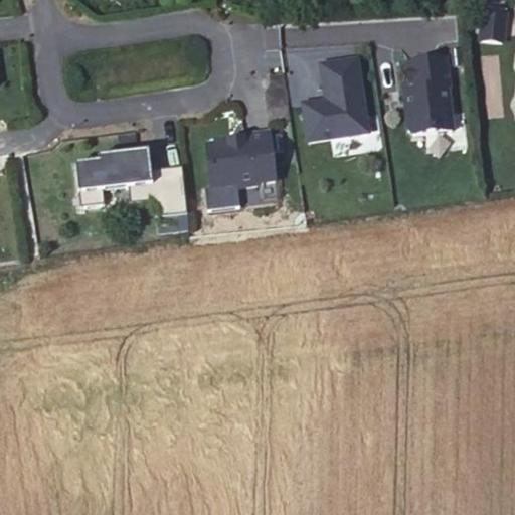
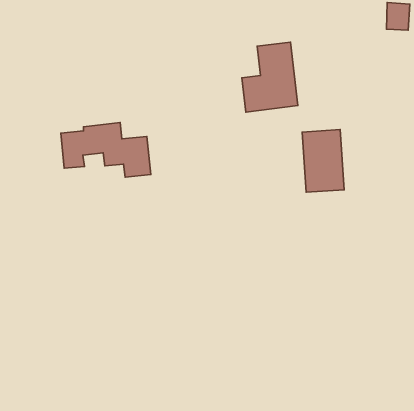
building: [401,50,454,128] -> [302,130,344,192]
building: [205,137,275,192] -> none

